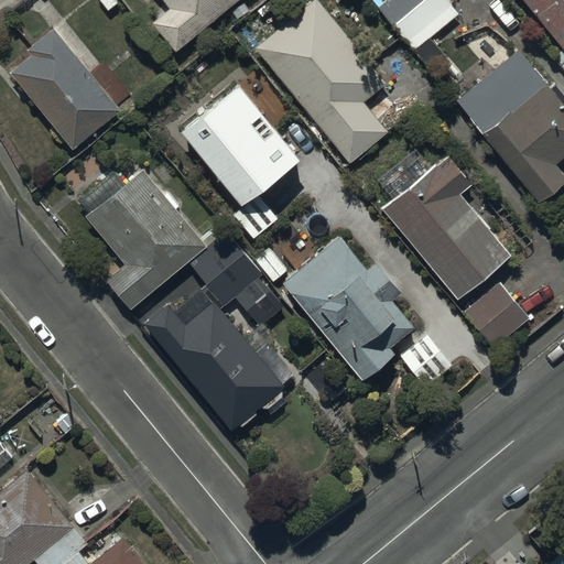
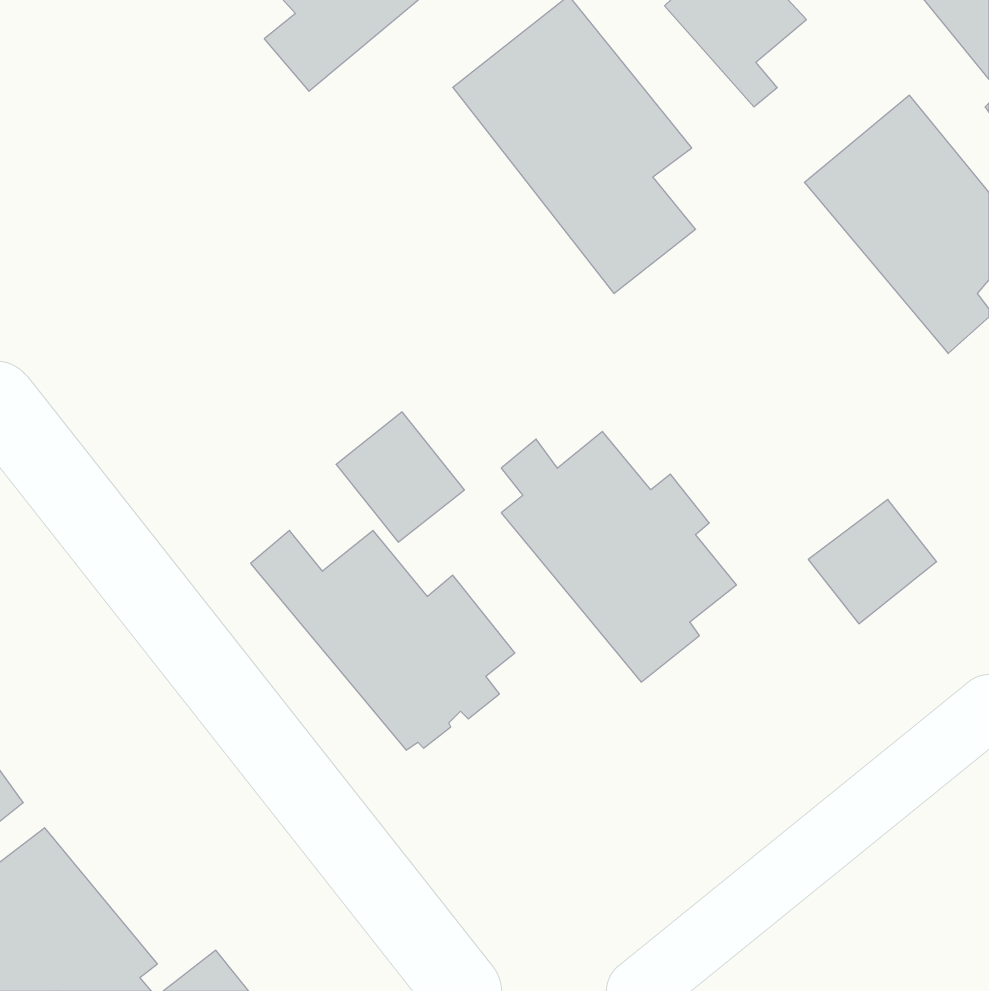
building: [9,28,132,149] -> none
building: [181,86,299,208] -> none
building: [378,151,511,300] -> none
building: [76,169,207,311] -> none

